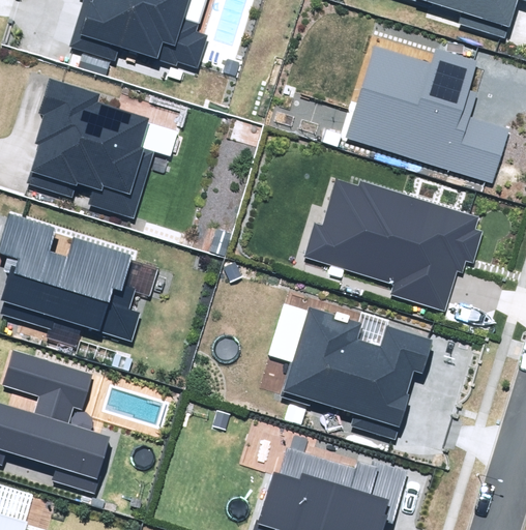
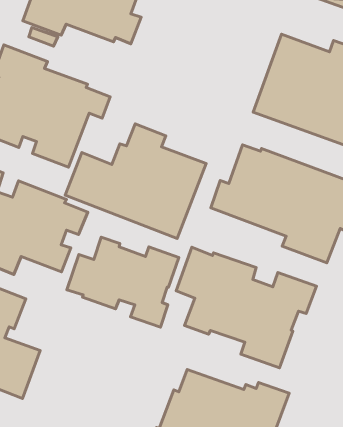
building: none -> [65,124,206,239]
building: none -> [67,237,179,327]

